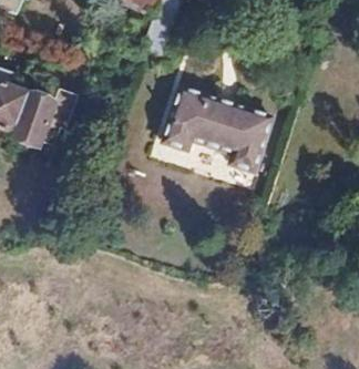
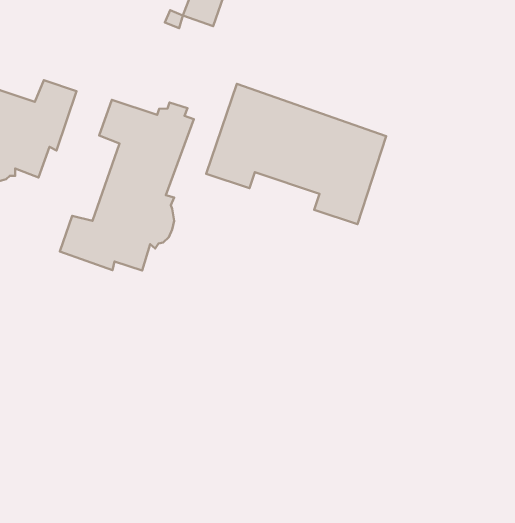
building: none -> [60,100,194,271]

